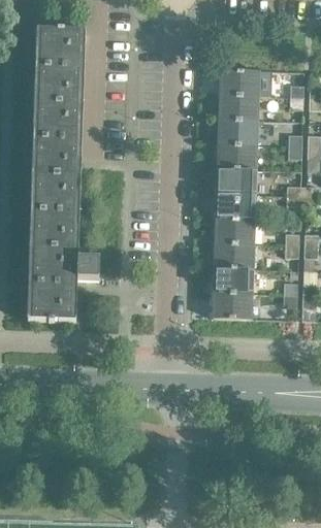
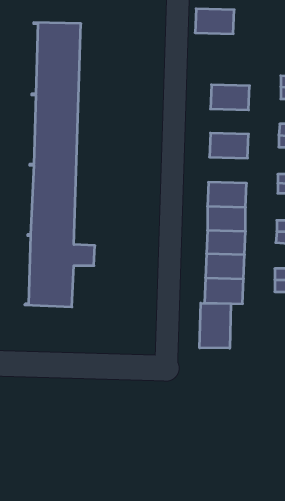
building: [219,68,259,94] -> [195,9,234,34]
building: [218,118,257,143] -> none
building: [216,167,256,194] -> none
building: none -> [200,303,231,348]

